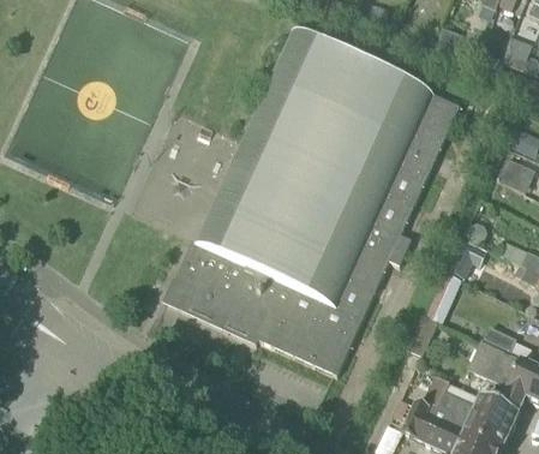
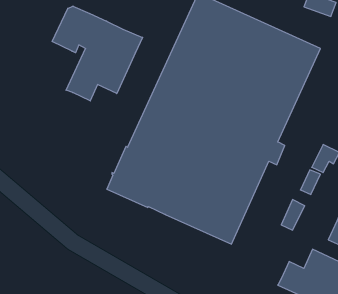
building: none -> [52,6,143,101]

